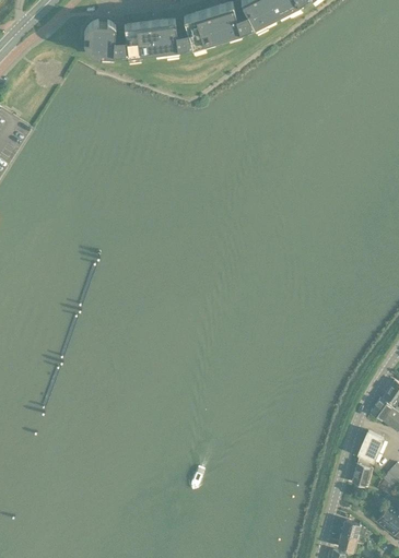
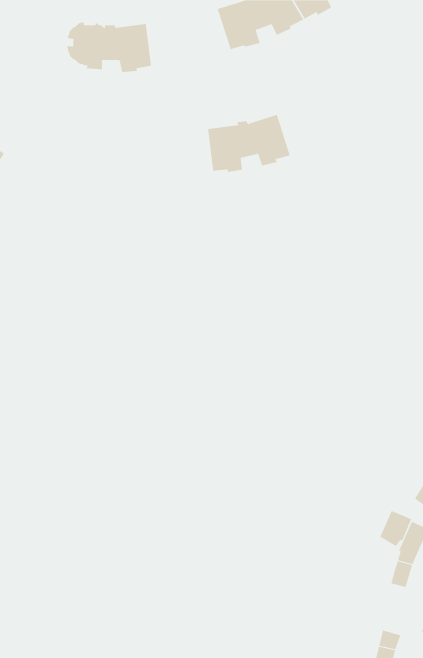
building: [149,8,218,56] -> [207,114,291,173]
building: none -> [380,510,412,547]

